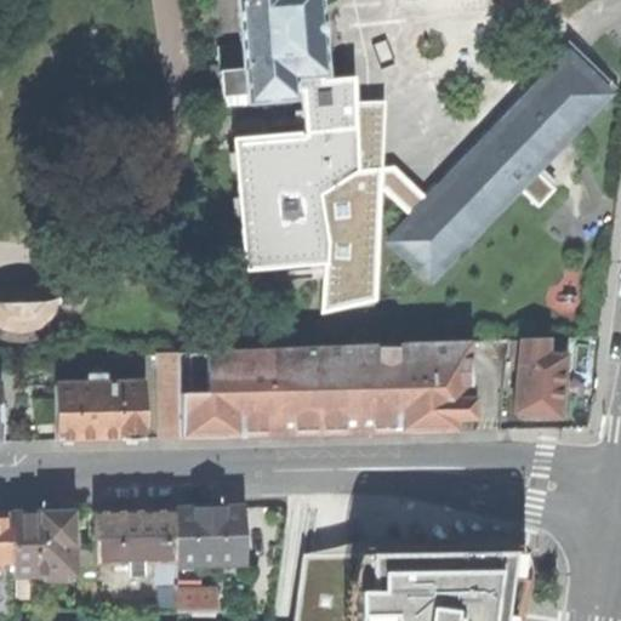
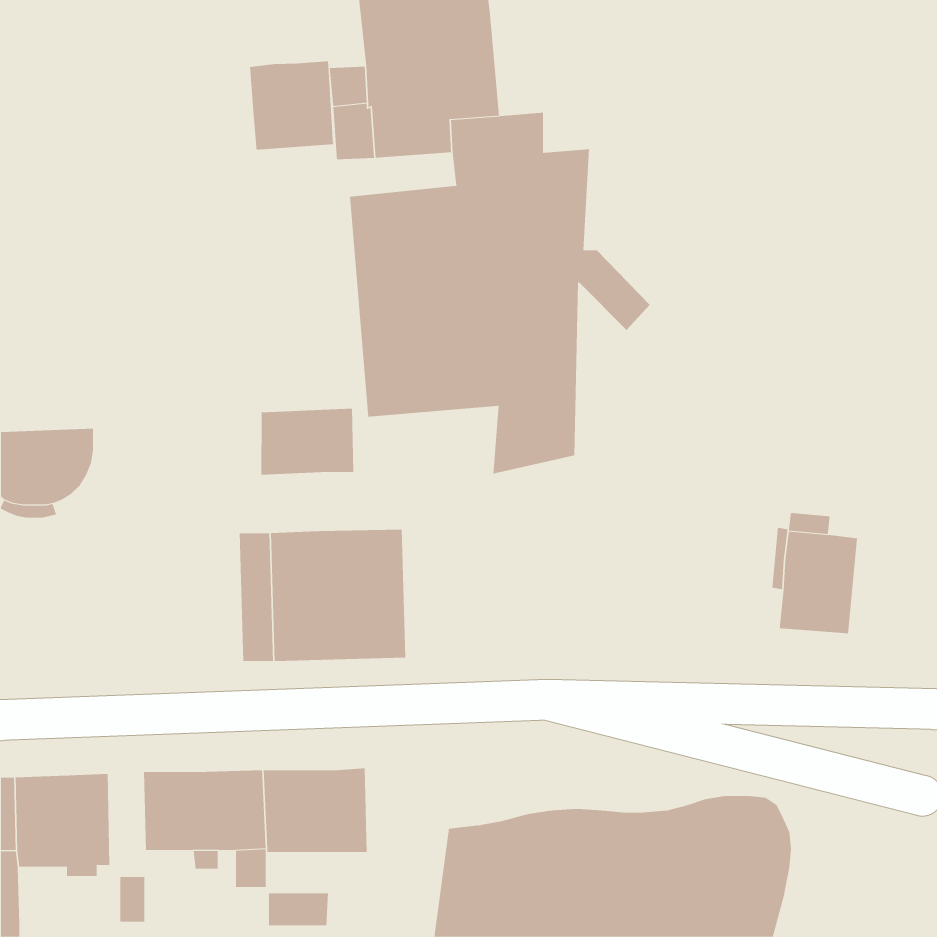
building: none -> [250,61,334,151]
building: [393,56,609,279] -> none
building: none -> [261,408,354,475]
building: [267,342,475,434] -> none
building: [57,382,146,439] -> none

